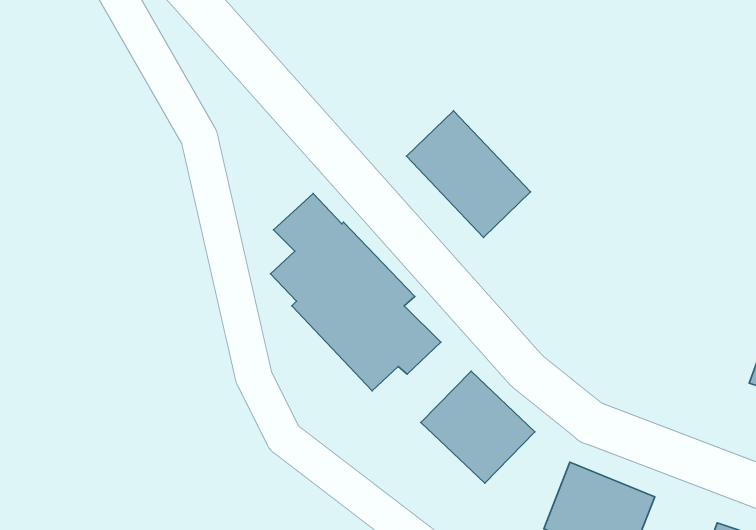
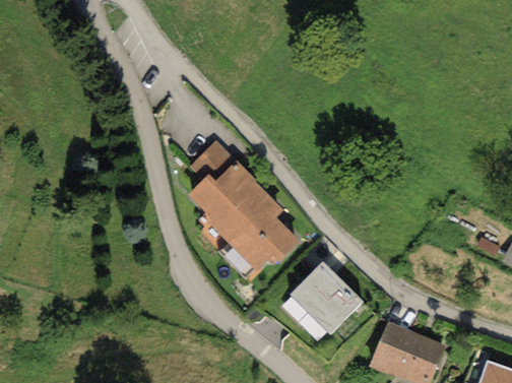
building: [407,111,530,237] -> none

